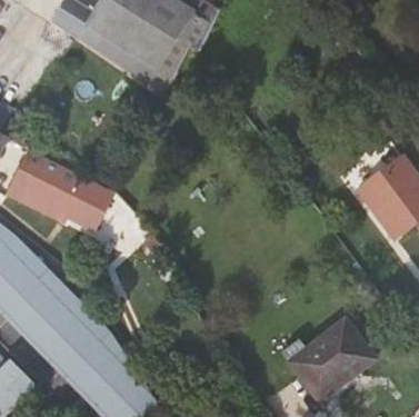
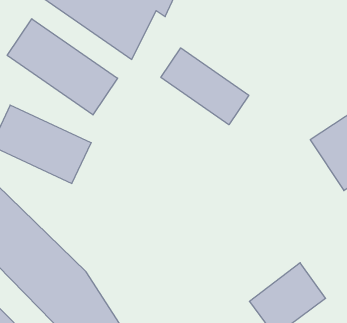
building: none -> [7,19,118,115]
building: none -> [161,48,249,125]

